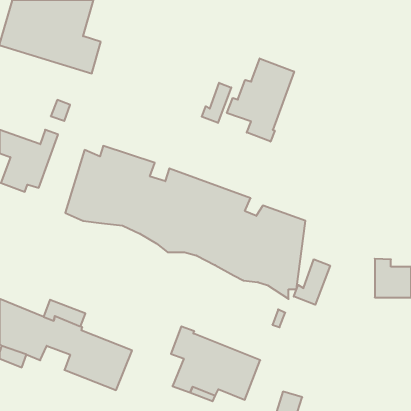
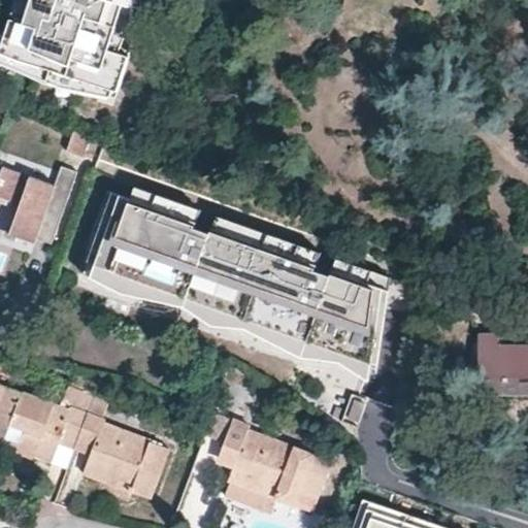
building: [227,58,294,142] -> none
building: [202,83,231,123] -> none
building: [294,259,330,305] -> none

